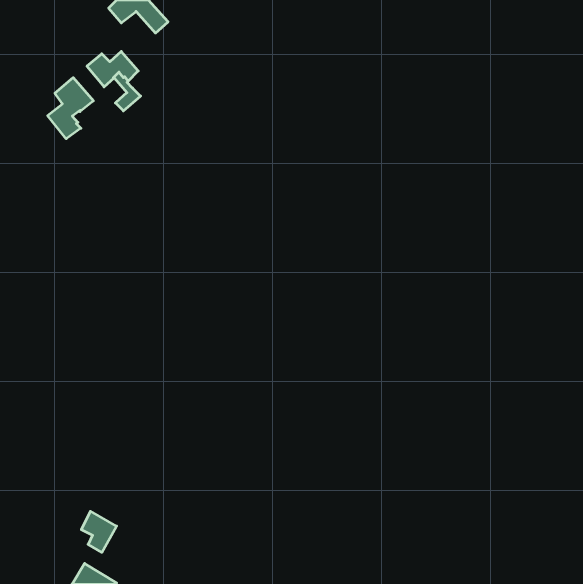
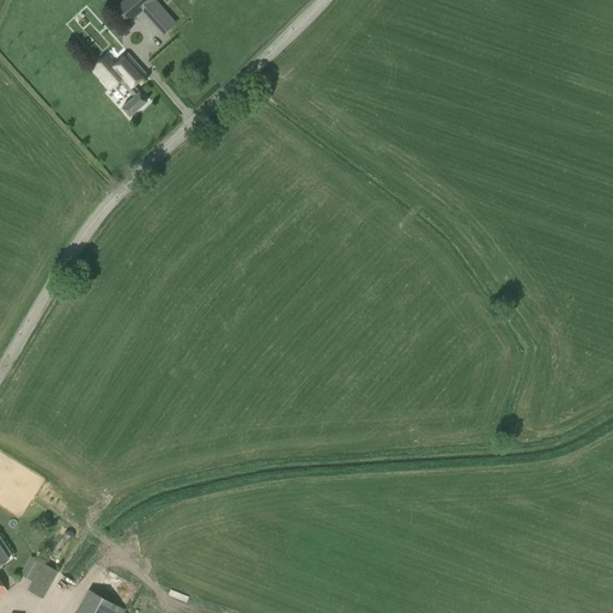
building: [48,78,93,139] -> none
building: [81,511,117,552] -> [22,556,59,599]

